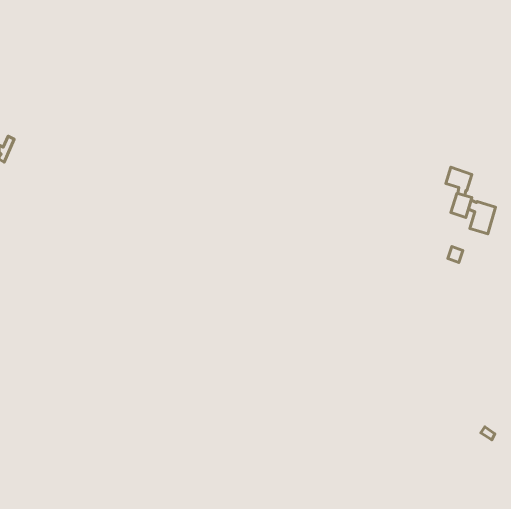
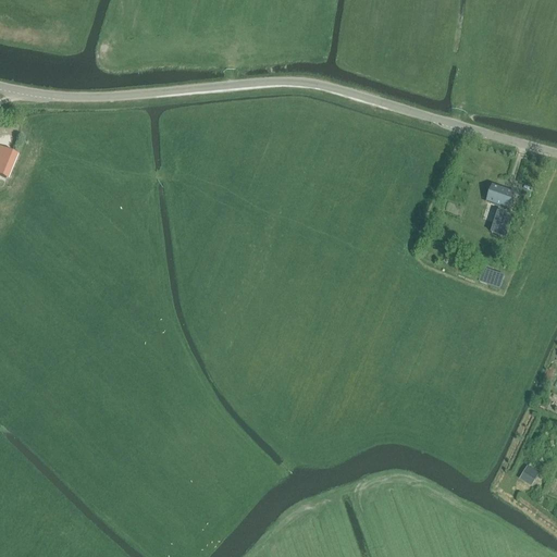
building: [468,200,496,234] -> none

